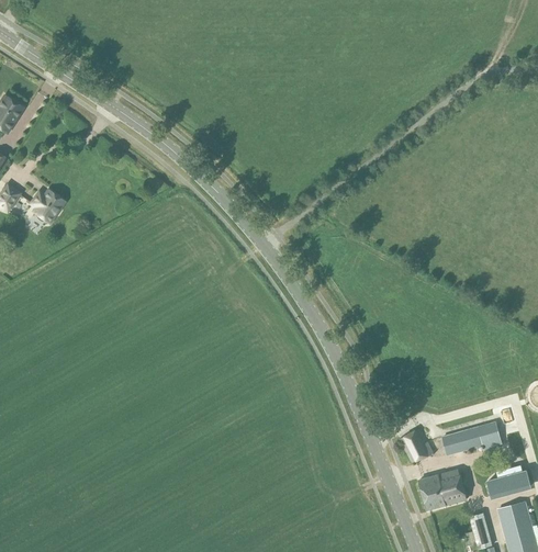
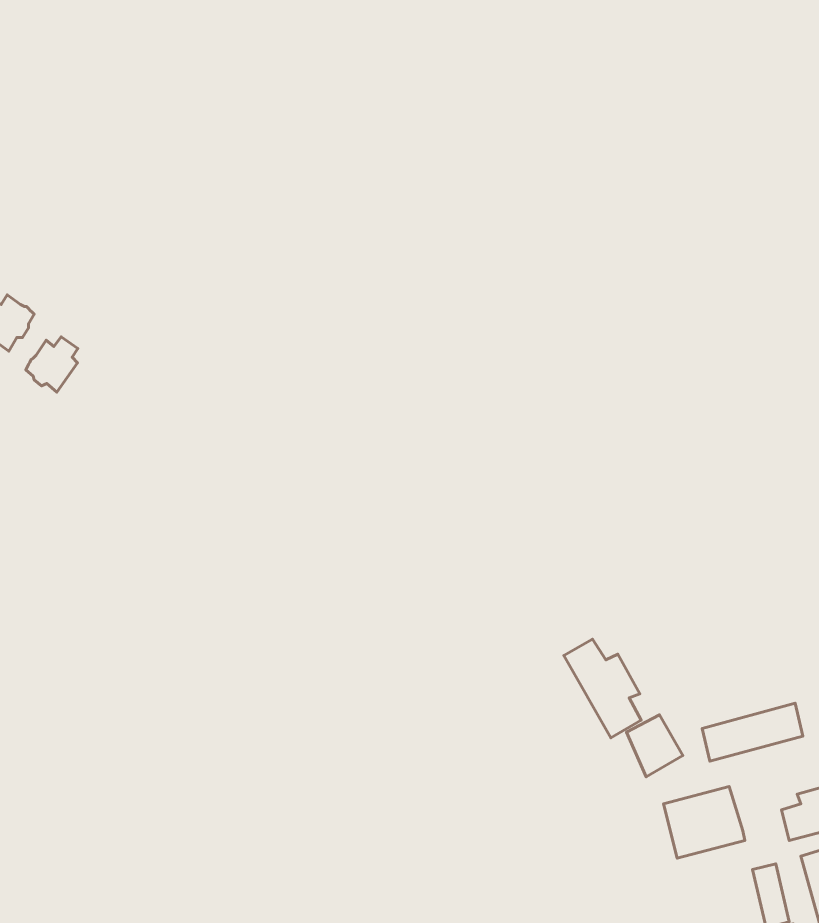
building: none -> [26,337,78,392]
building: none -> [564,639,641,738]

